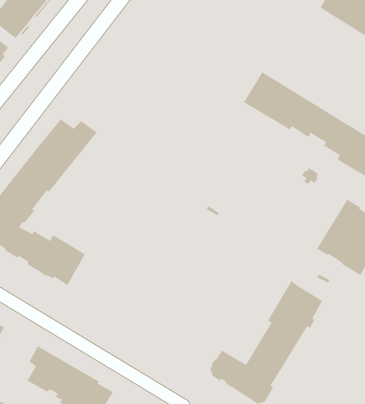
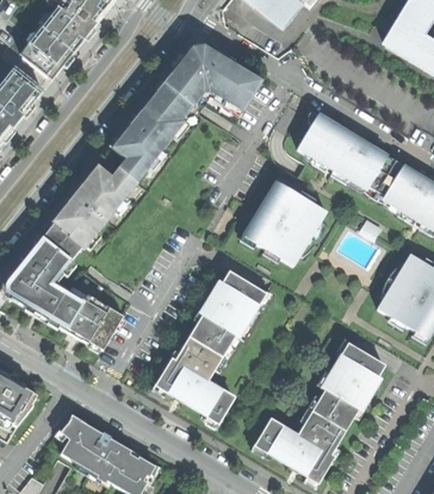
building: none -> [112,44,262,181]
building: none -> [244,181,327,265]
building: none -> [162,271,267,418]

